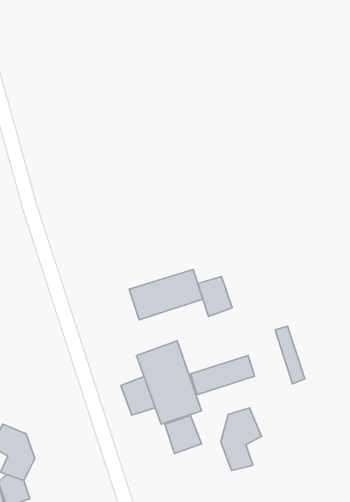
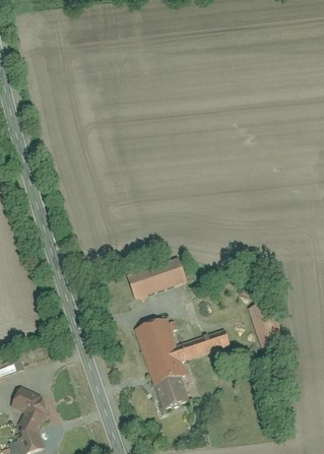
building: [198,277,232,317] -> none
building: [121,376,155,415] -> none
building: [221,408,261,470] -> none

